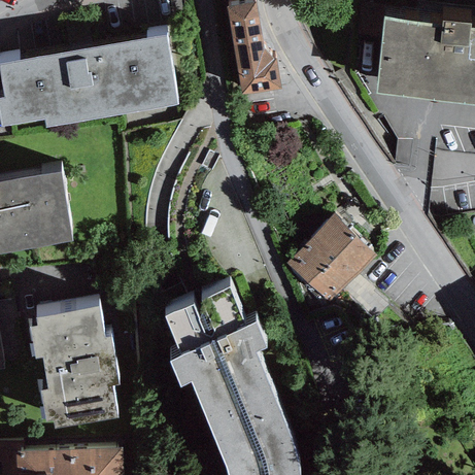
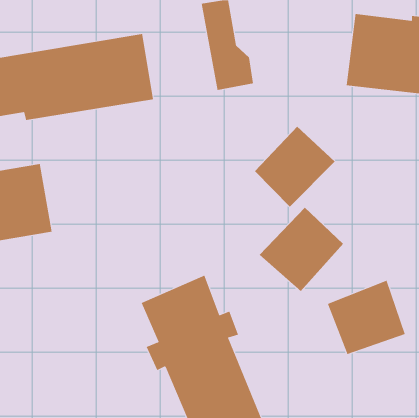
building: none -> [254,126,336,208]
building: none -> [327,280,406,355]
building: [31,305,120,427] -> none

